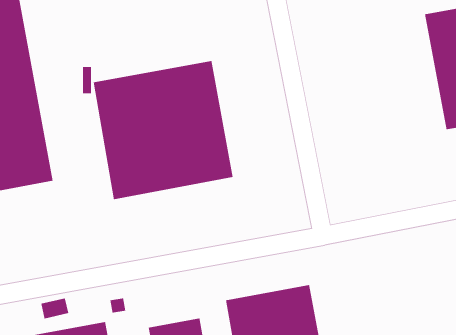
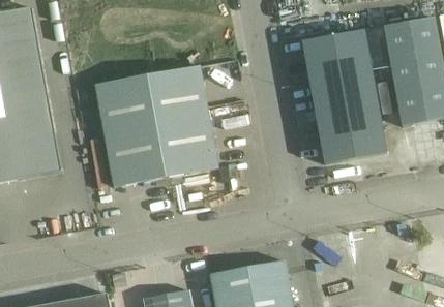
building: none -> [301,29,386,163]

